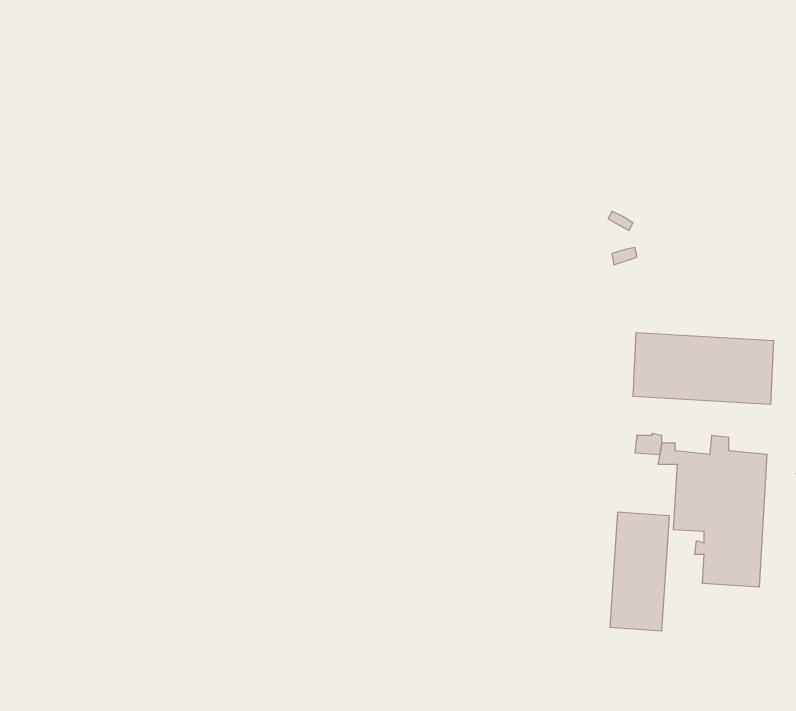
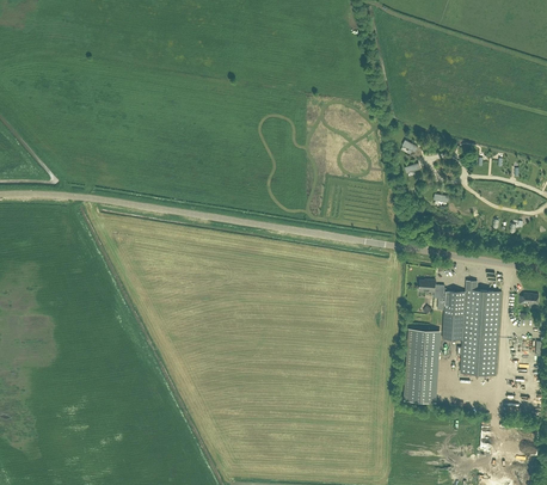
building: [633,333,774,404] -> none

